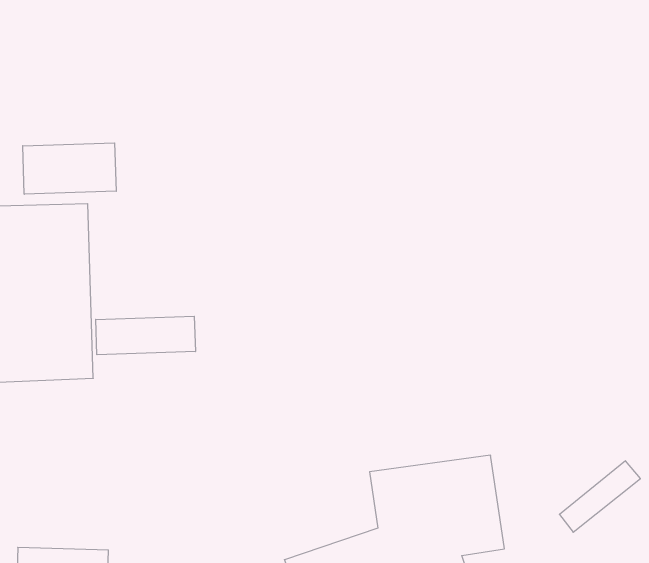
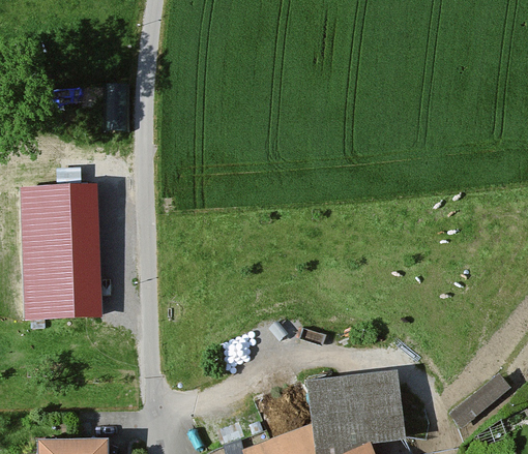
building: [23,143,116,194] -> none
building: [96,316,195,355] -> none

